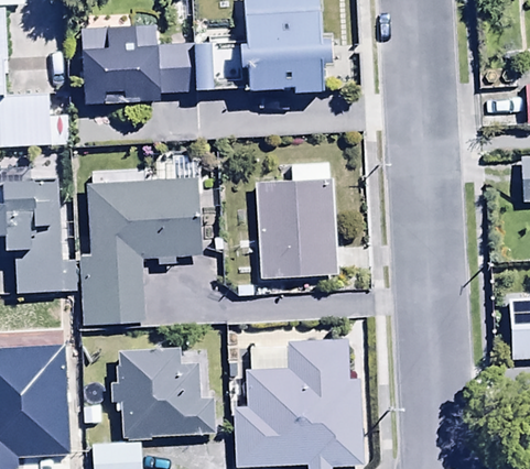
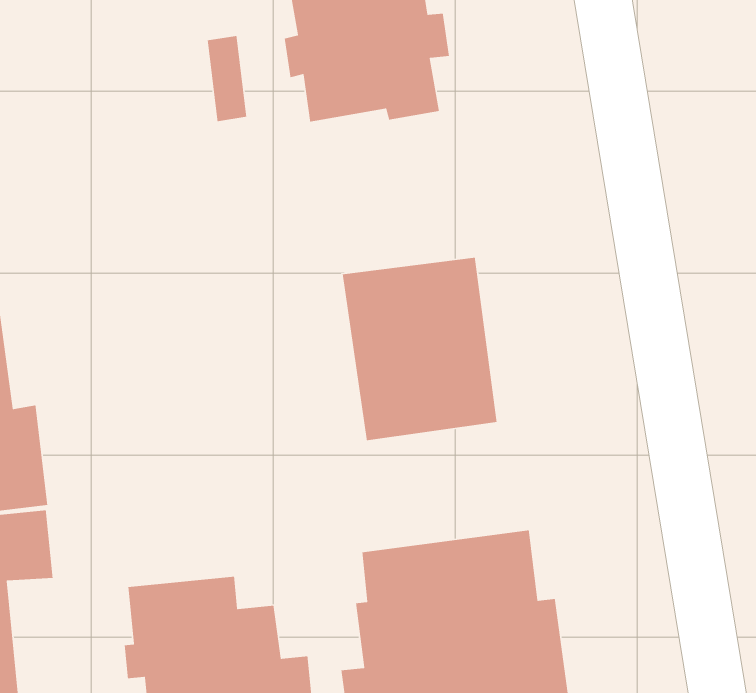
building: [80,25,191,105] -> none
building: [82,178,202,324] -> none

